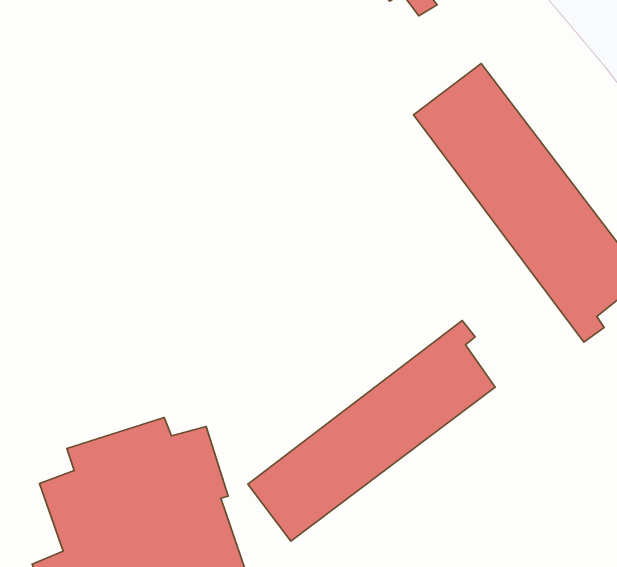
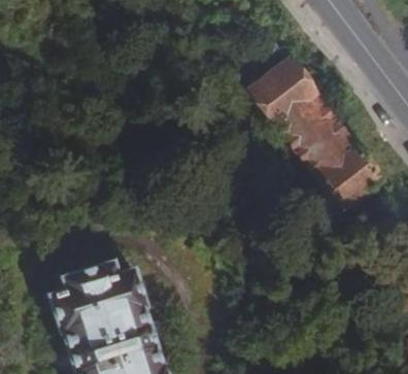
building: [248,320,495,541] -> none

